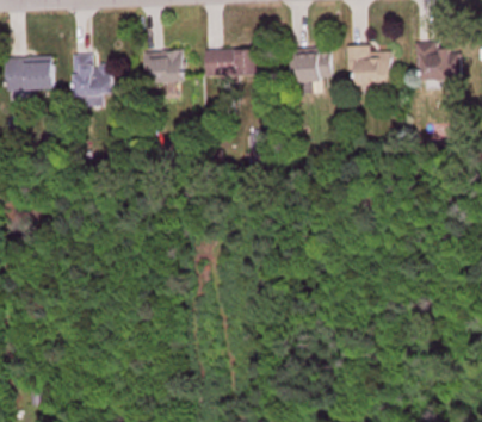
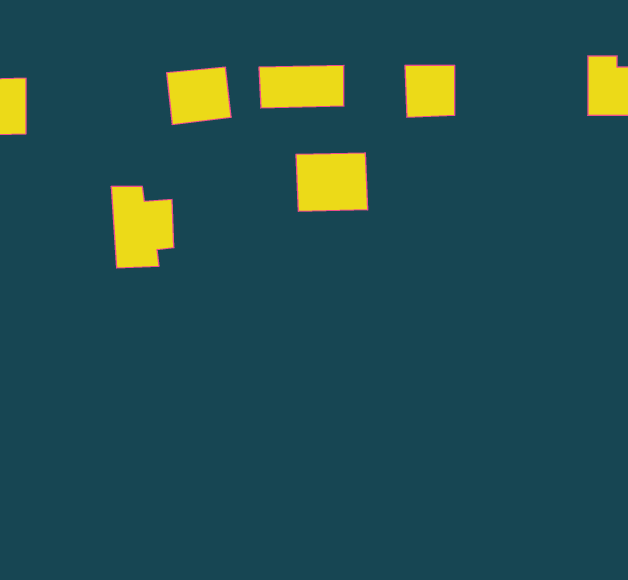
building: [347,45,393,85] -> none
building: [73,54,113,106] -> [111,187,174,268]
building: none -> [296,153,368,211]

